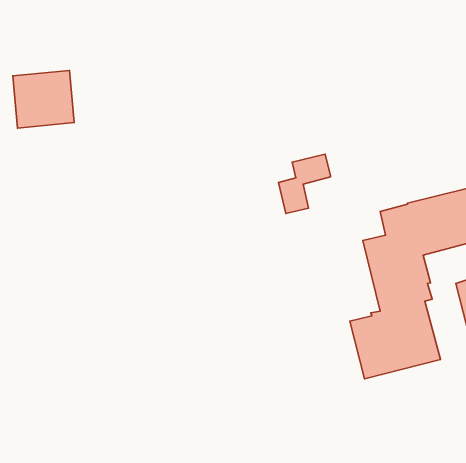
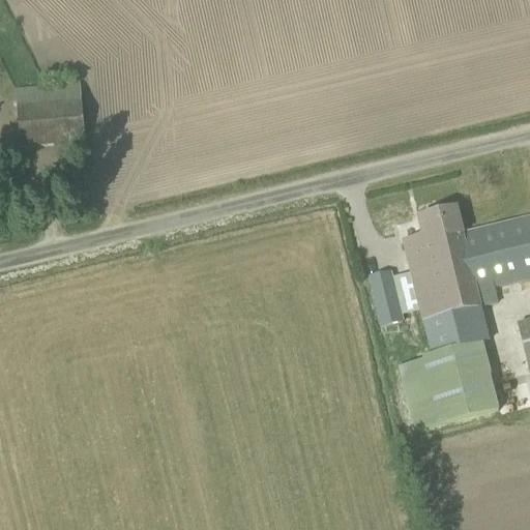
building: [278,154,331,213] -> [404,205,463,272]
building: none -> [372,270,407,324]

